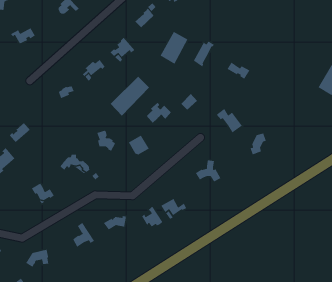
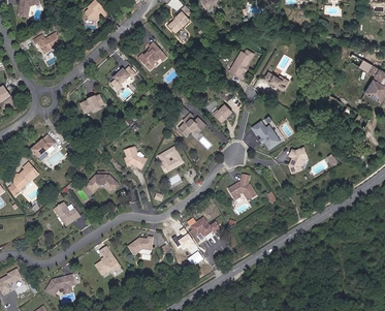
building: [160,31,189,65] -> none
building: [110,76,150,117] -> none

